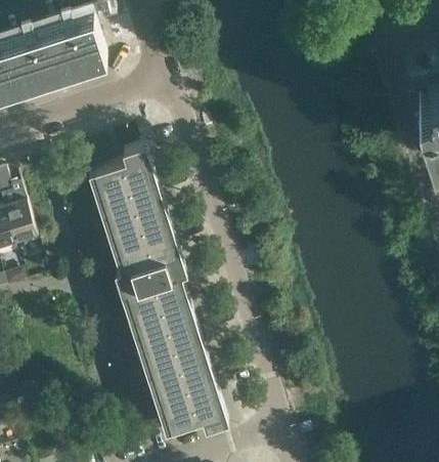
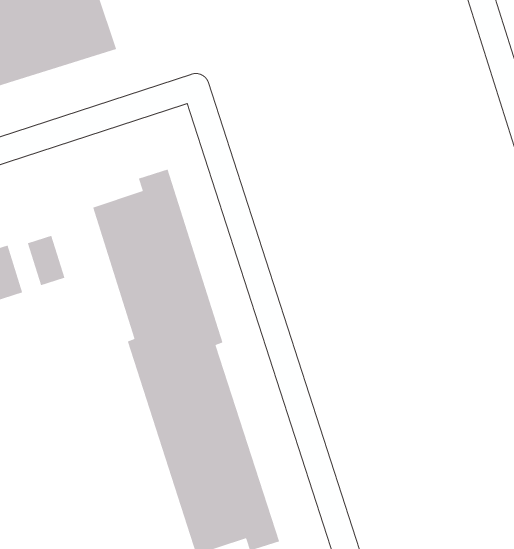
building: none -> [27,235,65,286]

